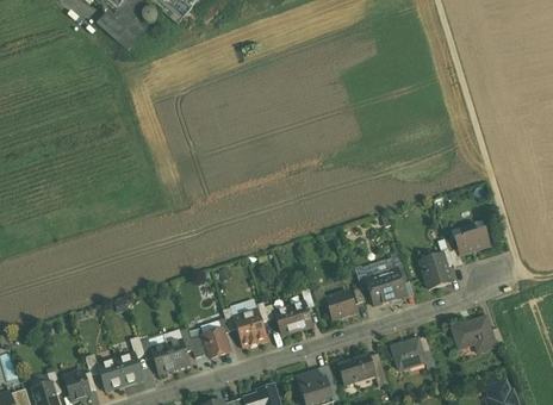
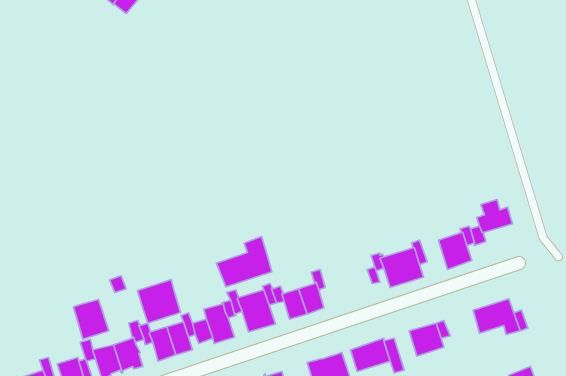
building: none -> [217,237,272,287]
building: [324,288,354,317] -> none
building: none -> [137,280,181,323]
building: none -> [73,300,109,339]

